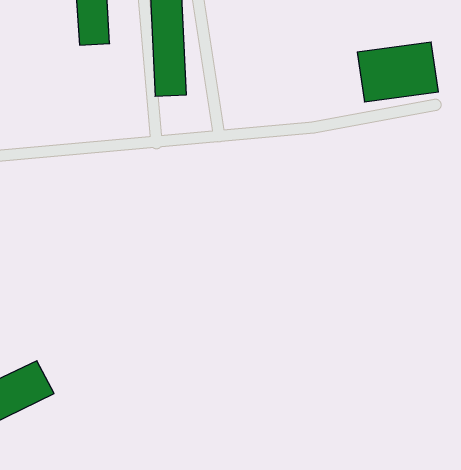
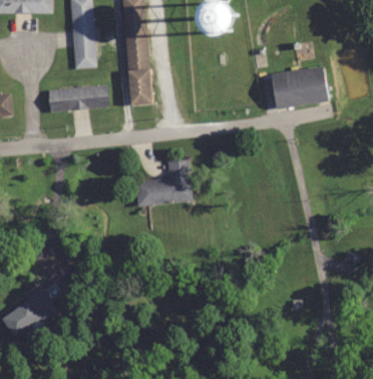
building: none -> [48,85,109,111]
building: none -> [135,159,192,205]

